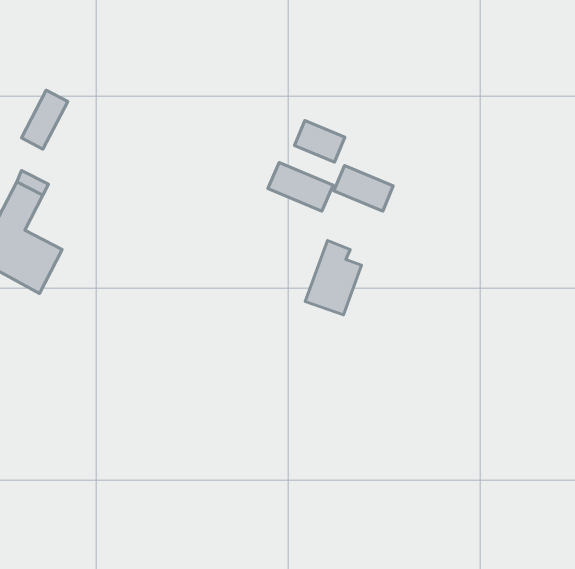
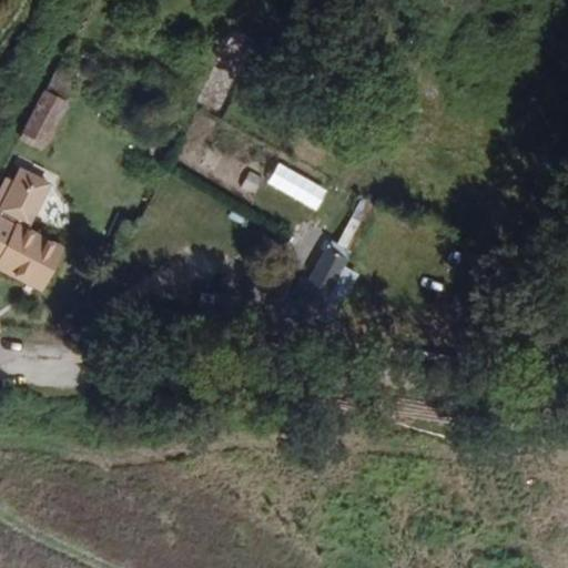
building: [295,120,345,162] -> none
building: [334,166,393,211] -> none

